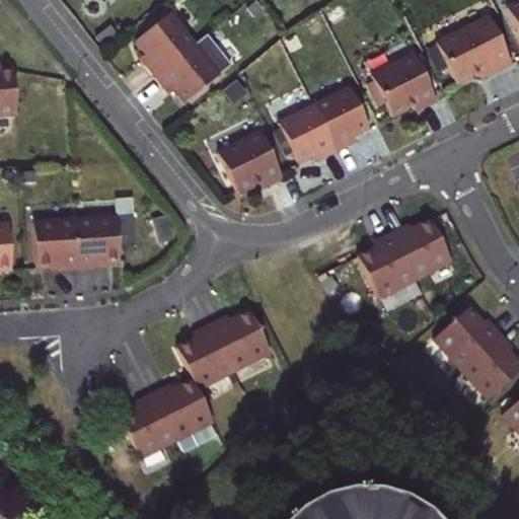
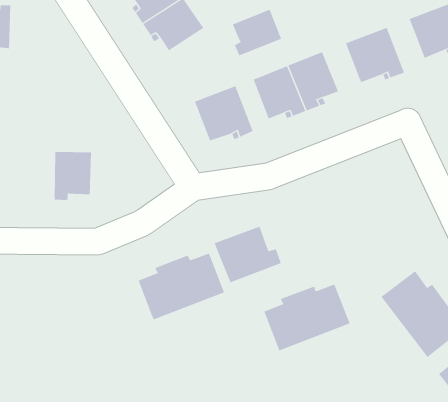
building: none -> [232,9,282,56]
building: [36,218,80,271] -> none
building: [358,220,451,297] -> [263,284,350,351]
building: none -> [214,226,282,283]
building: [120,378,212,452] -> none

